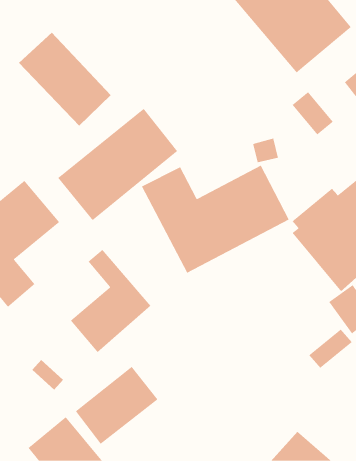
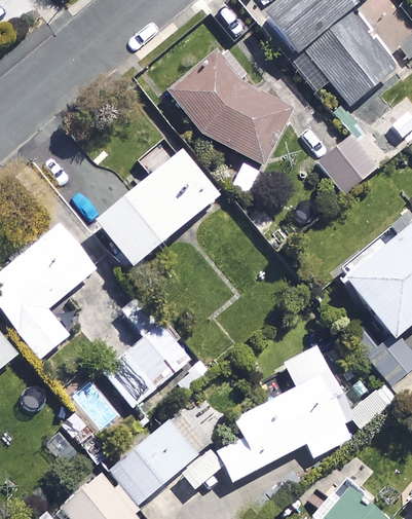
building: none -> [167,41,291,162]
building: [18,32,111,127] -> none
building: [141,165,290,274] -> none
building: none -> [184,345,355,486]

